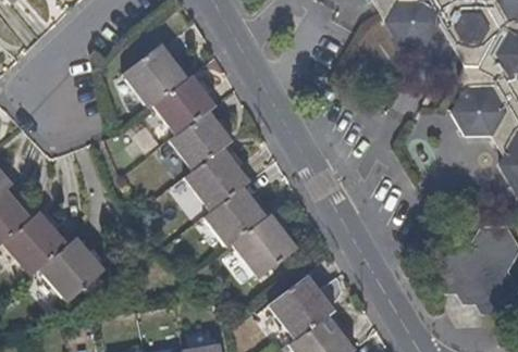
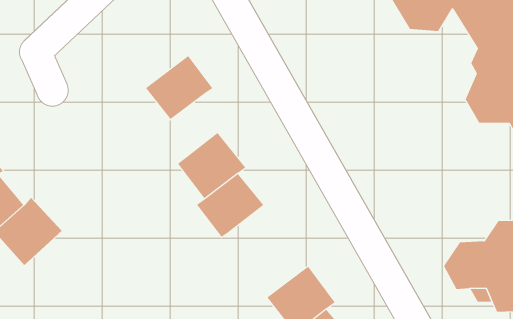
building: [121,40,188,105] -> none
building: [169,109,232,169] -> none
building: [231,213,295,277] -> none
building: [44,234,110,301] -> none

